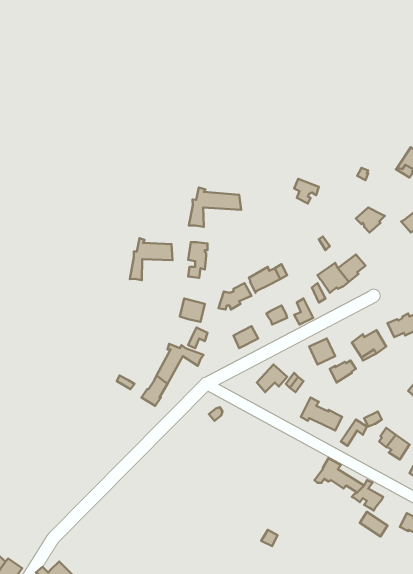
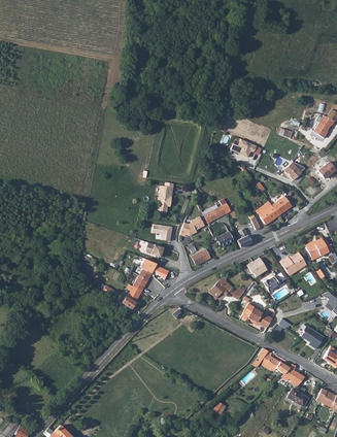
building: [189,187,241,227] -> none
building: [130,238,172,280] -> none

